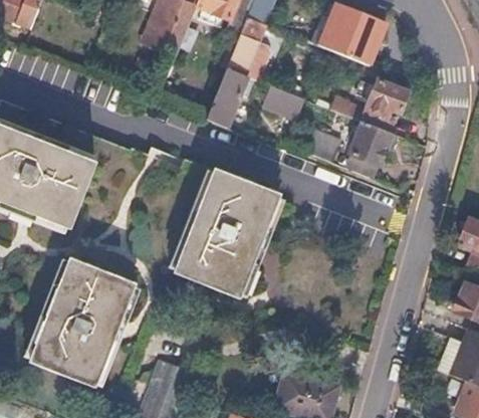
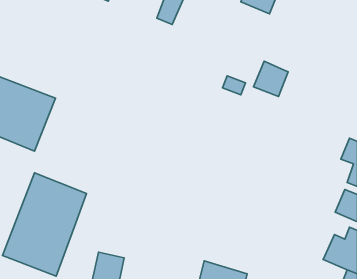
building: [204,65,247,126] -> none
building: [330,77,406,131] -> none
building: [262,83,303,118] -> none
building: [173,172,277,299] -> none

